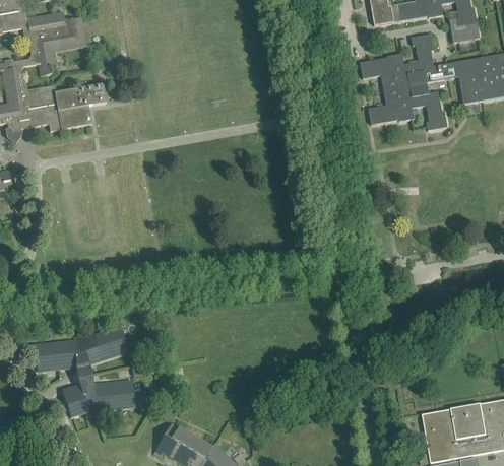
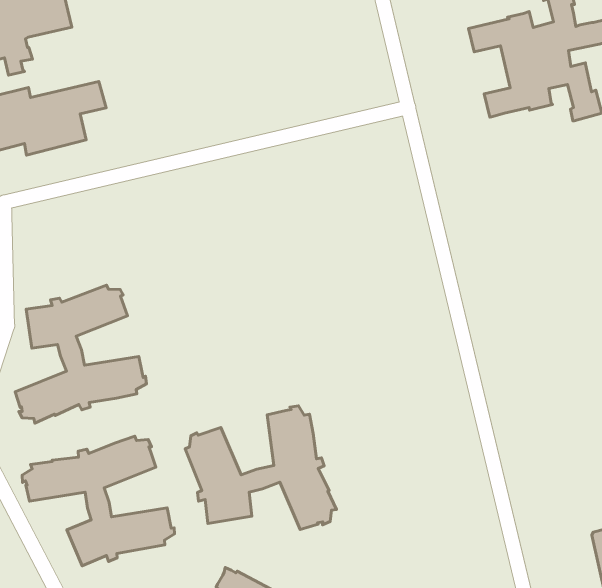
building: none -> [15,285,146,423]
building: none -> [185,406,337,530]

